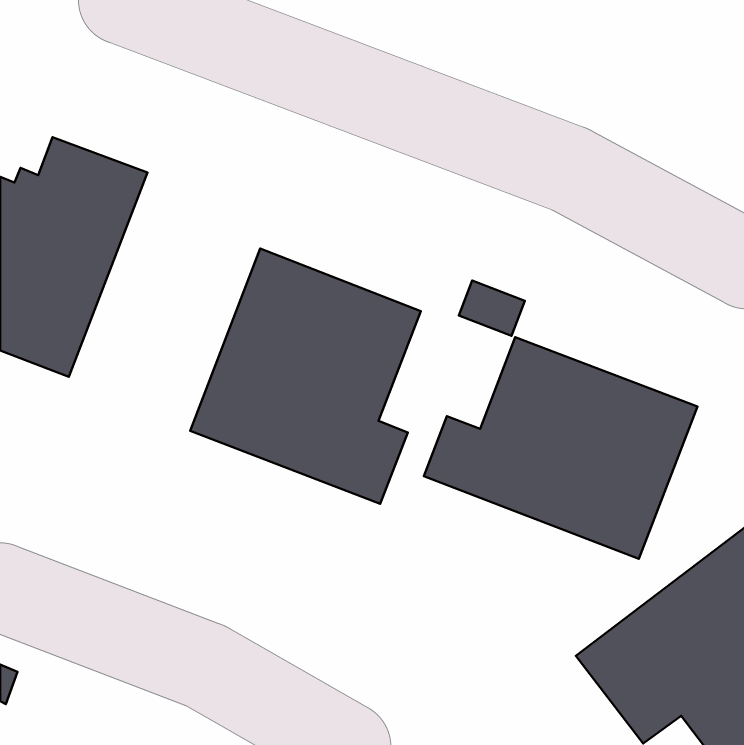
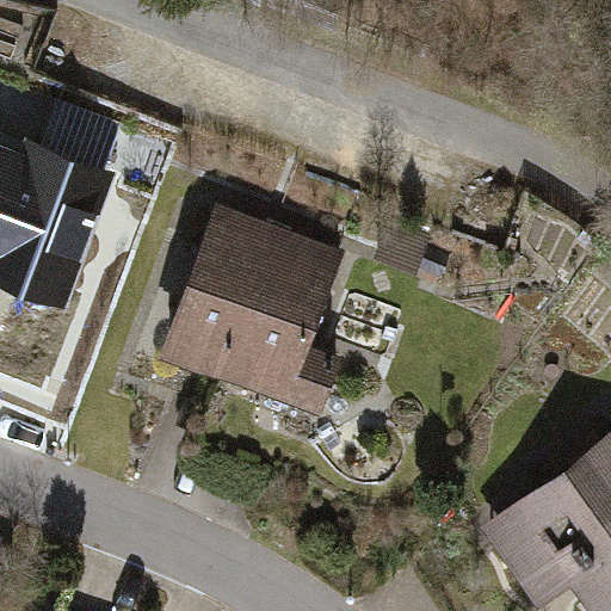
building: [424,337,697,559] -> none

